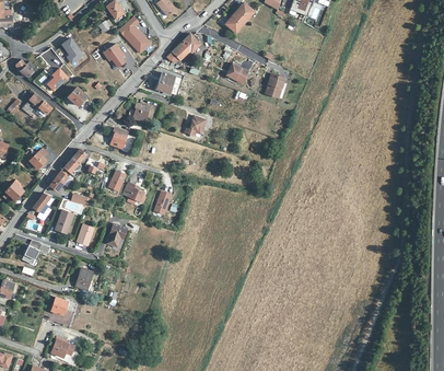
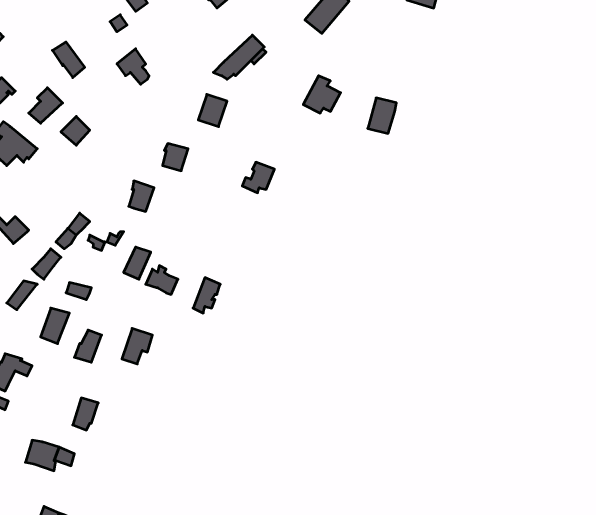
building: [119,16,151,53] -> none

